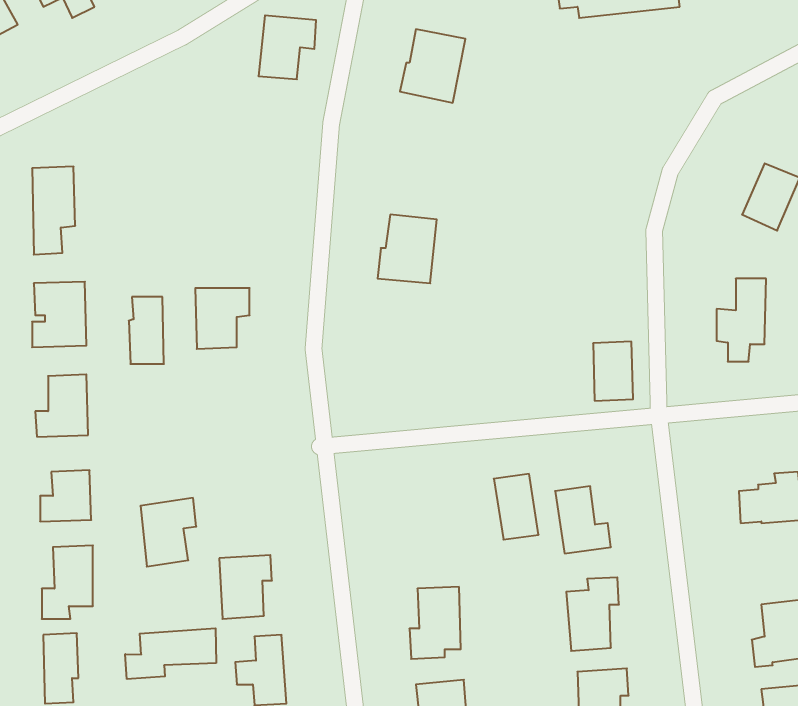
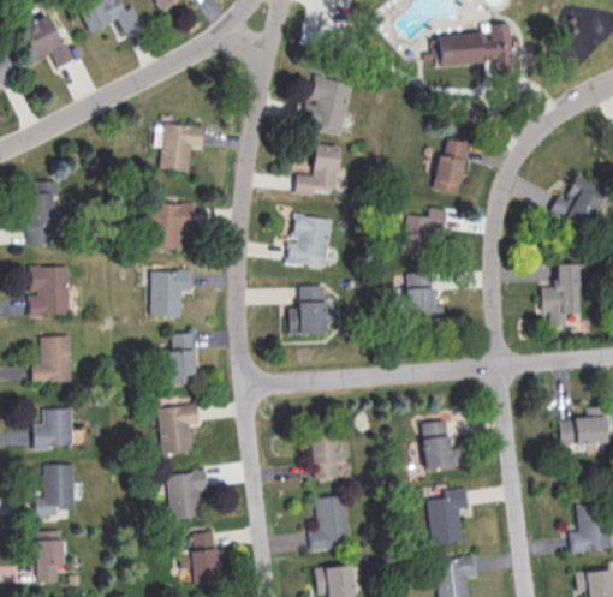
building: [258,15,316,79] -> [160,123,203,171]
building: none -> [434,139,465,191]
building: none -> [296,144,339,195]
building: none -> [148,202,192,249]
building: none -> [403,208,446,253]
building: [129,297,164,364] -> [168,333,195,383]
building: none -> [290,286,327,334]
building: [593,342,633,401] -> [404,271,434,316]
building: [494,474,539,540] -> [309,429,343,478]
building: [140,498,196,567] -> [157,402,200,454]
building: [125,628,216,679] -> none

